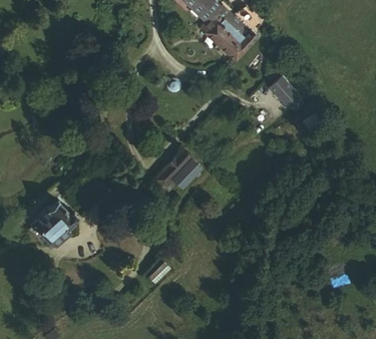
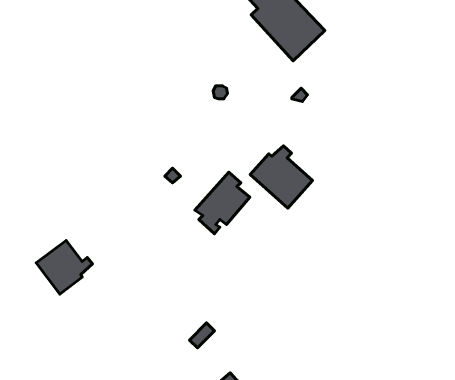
building: [272,74,302,106] -> none
building: none -> [250,146,312,208]

